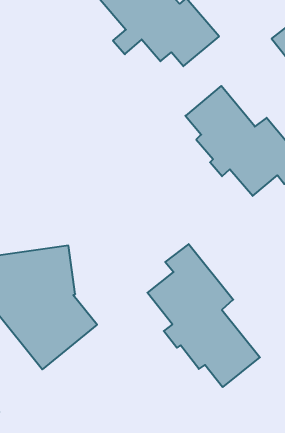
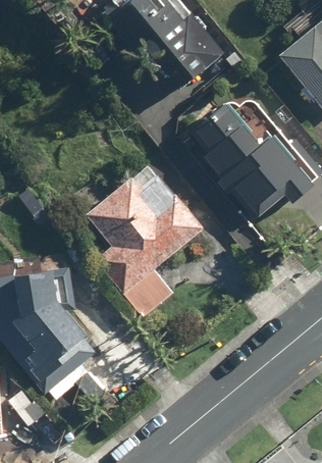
building: none -> [87,160,207,317]
building: [147,244,260,387] -> none

